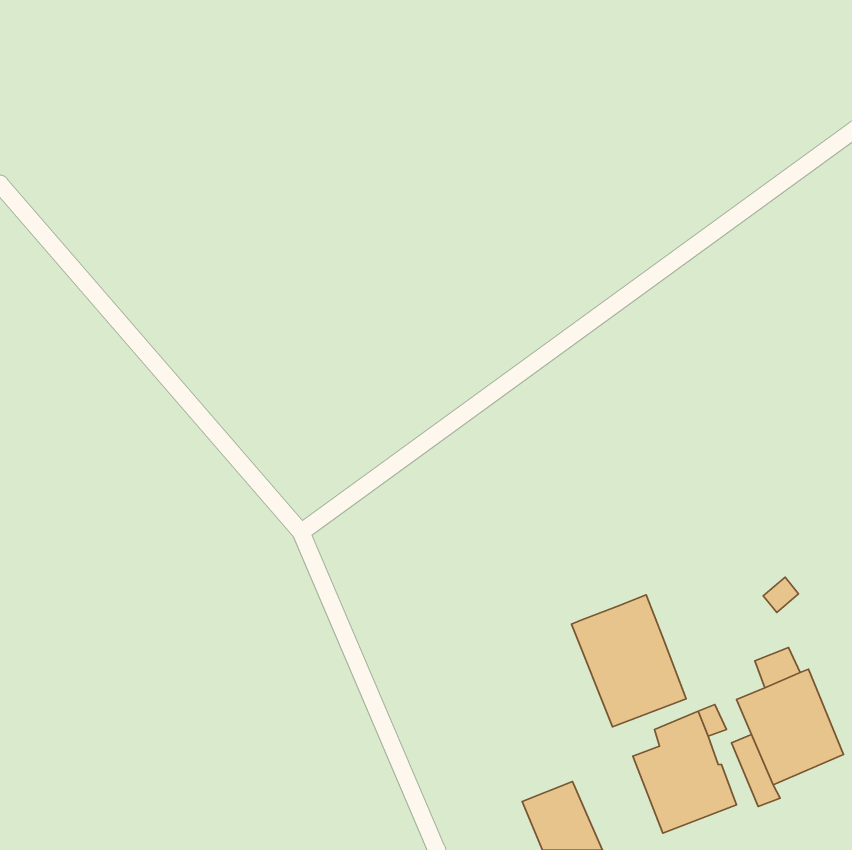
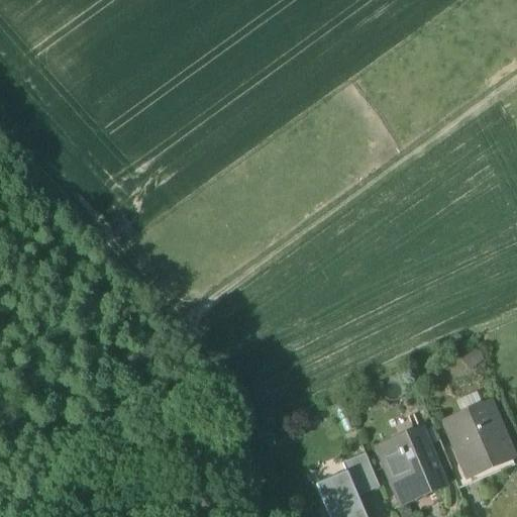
building: [571,595,686,727] -> none
building: none -> [344,452,381,495]

